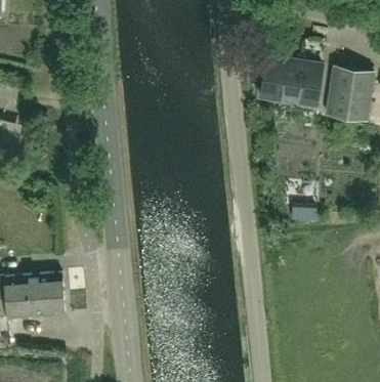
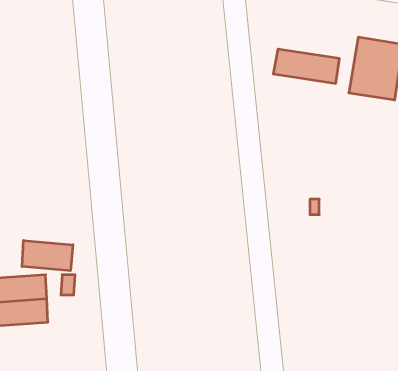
building: [264,55,322,84] -> none
building: none -> [22,240,73,271]

